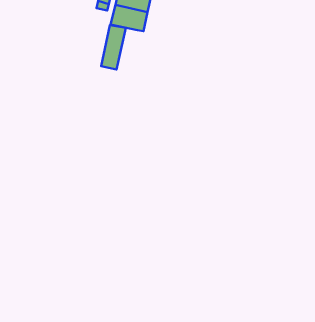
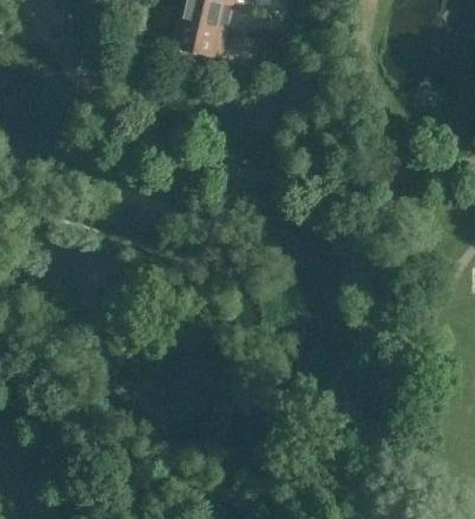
building: [101,25,126,69] -> none

